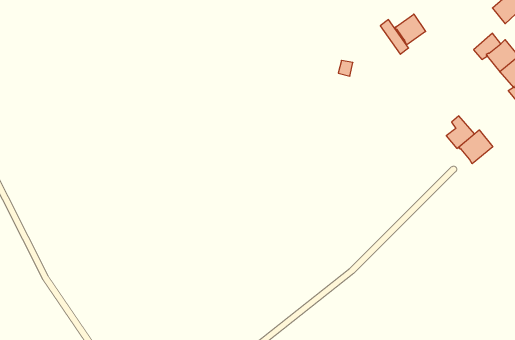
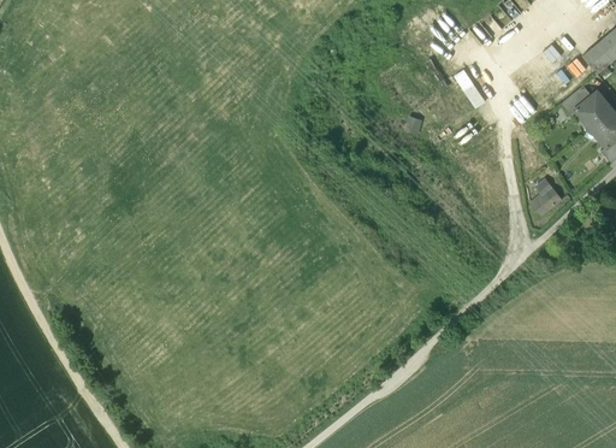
building: [395,14,426,45] -> none
building: [458,130,493,164] -> none

